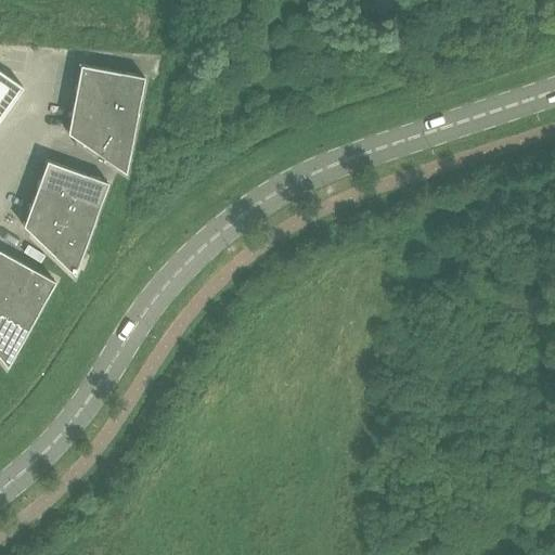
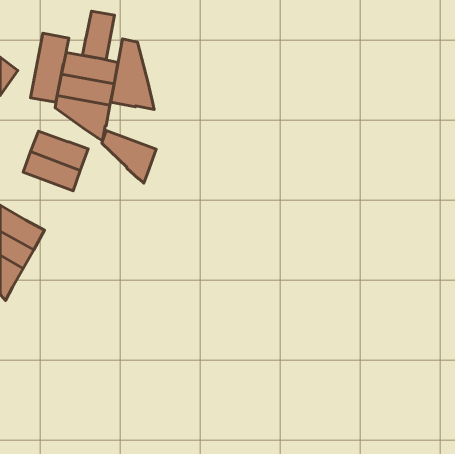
building: none -> [82,11,114,60]
building: none -> [31,33,69,102]
building: none -> [111,39,154,110]
building: [24,211,90,275] -> [102,131,156,183]

